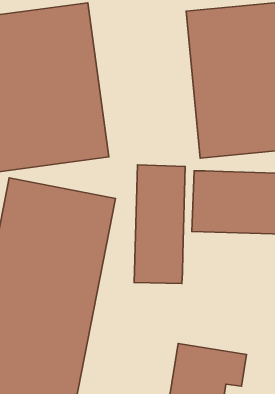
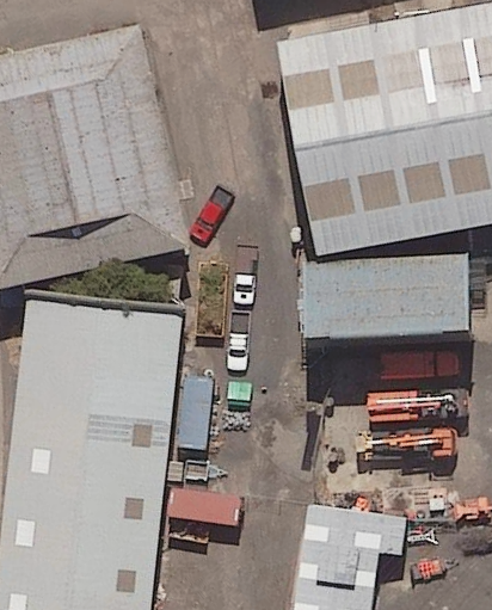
building: [134,165,185,283] -> none

